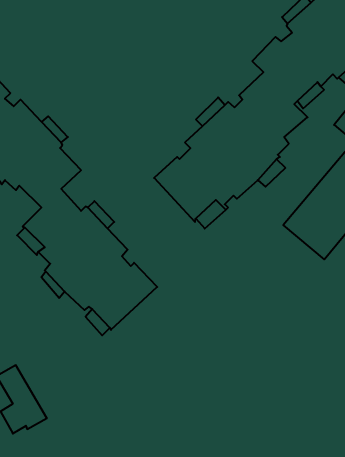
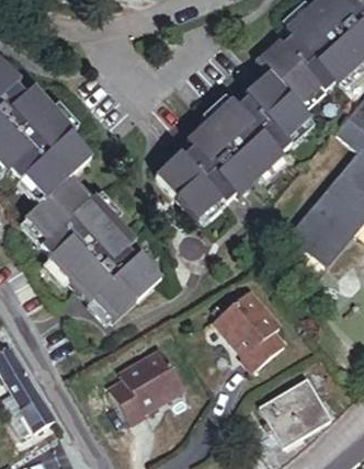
building: none -> [211,289,276,370]
building: none -> [111,344,181,416]
building: none -> [258,376,327,443]

